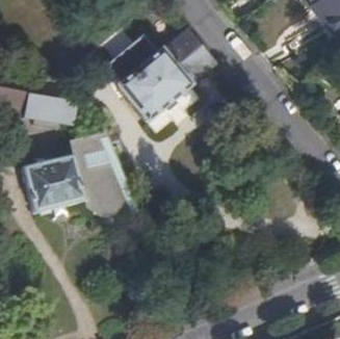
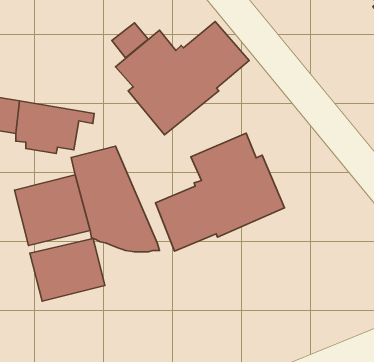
building: none -> [155,133,285,251]
building: none -> [30,238,105,301]

